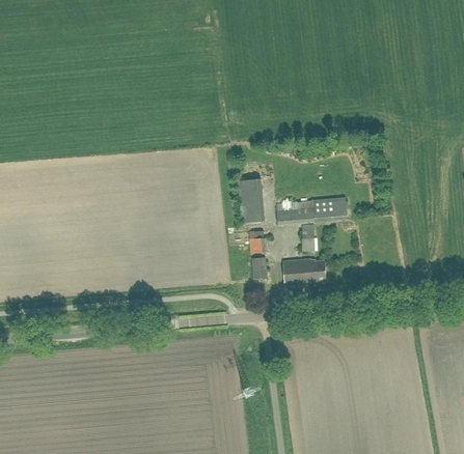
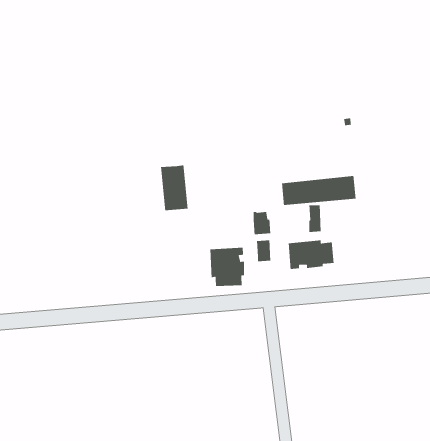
building: [238,178,265,223] -> [160,164,189,211]
building: none -> [209,247,245,287]

